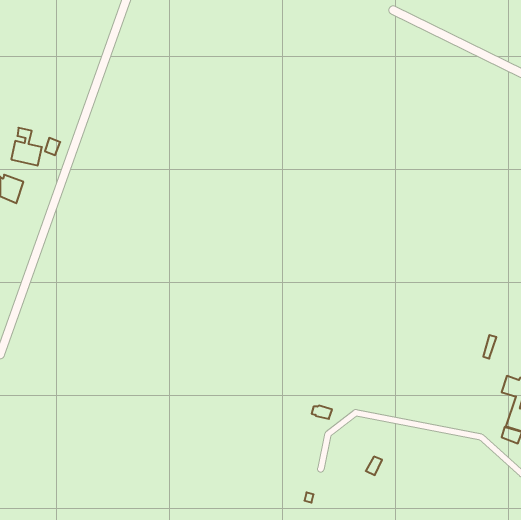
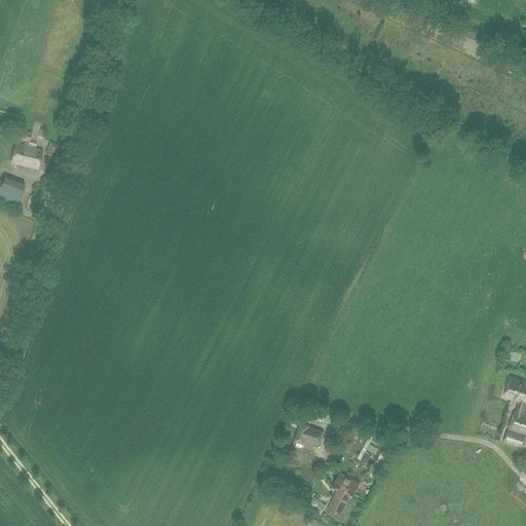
building: none -> [295,420,325,444]
building: none -> [330,472,361,514]

